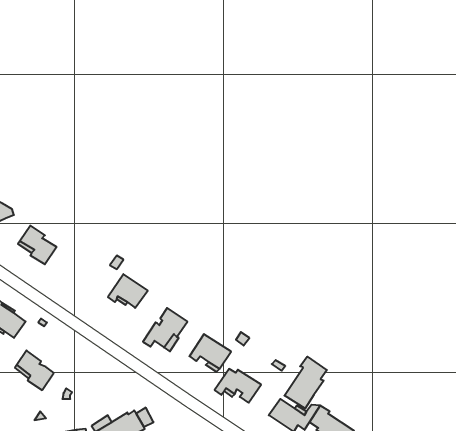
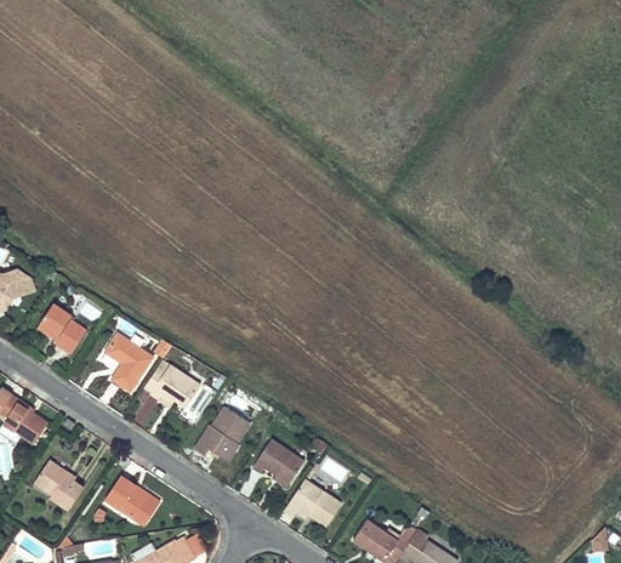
building: none -> [104,334,152,391]
building: [284,357,327,409] -> none
building: none -> [104,474,160,525]

